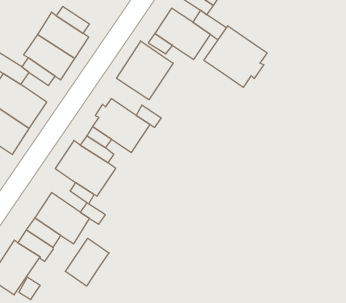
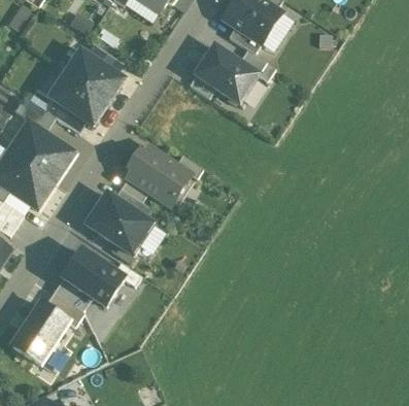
building: [204,26,267,87] -> none
building: [117,41,173,100] -> none
building: [65,238,109,286] -> none

